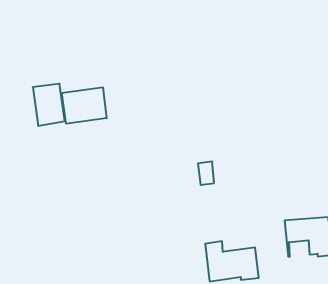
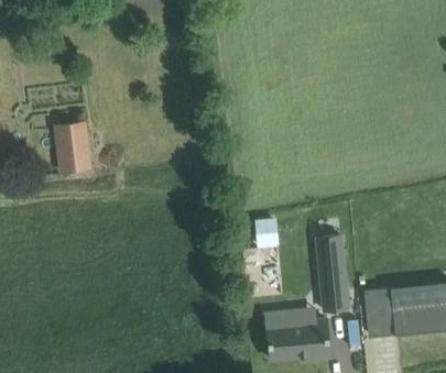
building: [62,87,107,124] -> none
building: none -> [317,235,348,311]

